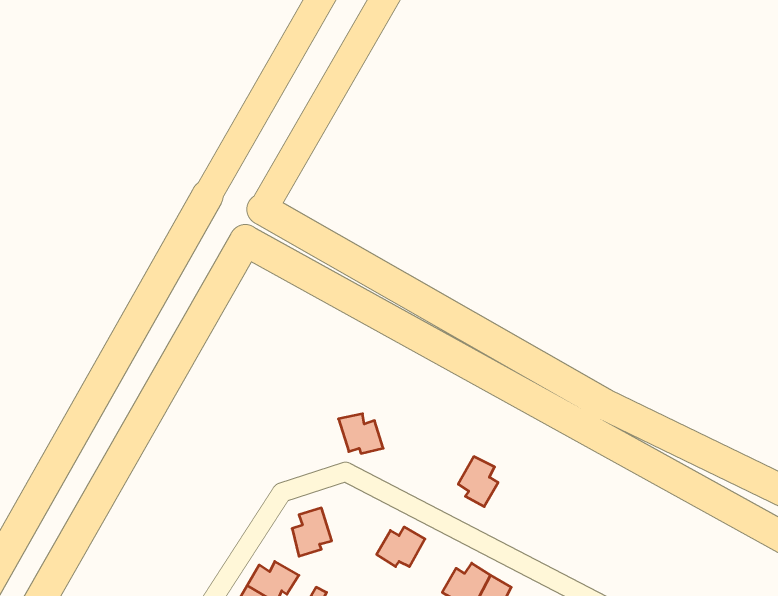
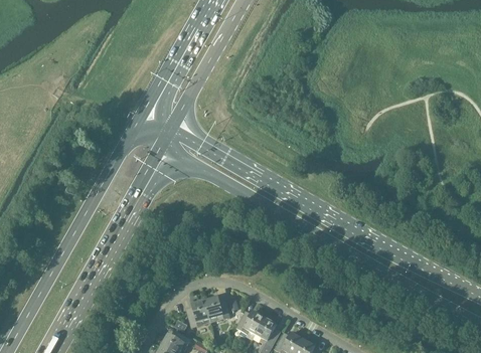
building: [338,414,383,453] -> [204,296,230,319]
building: [458,457,498,507] -> [256,317,279,346]

